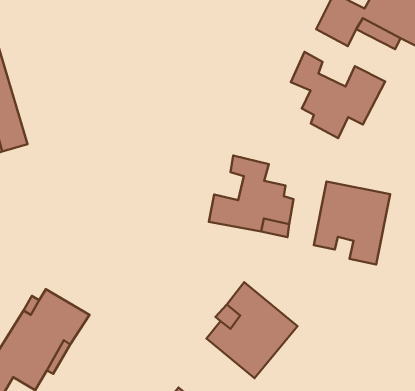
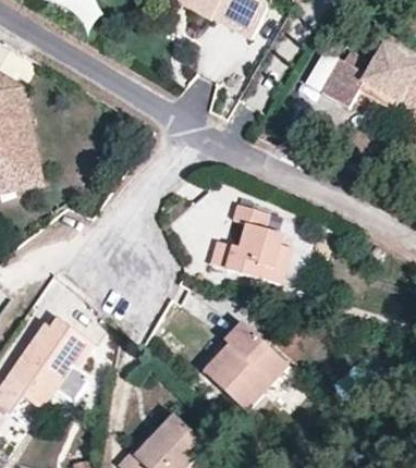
building: [291,52,385,138] -> none
building: [314,182,390,265] -> none

